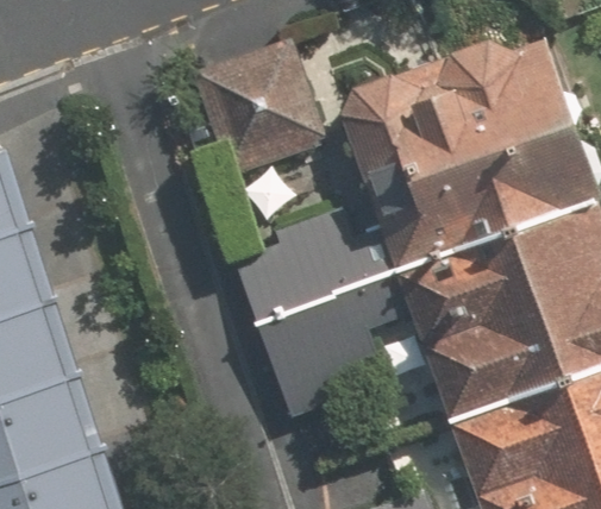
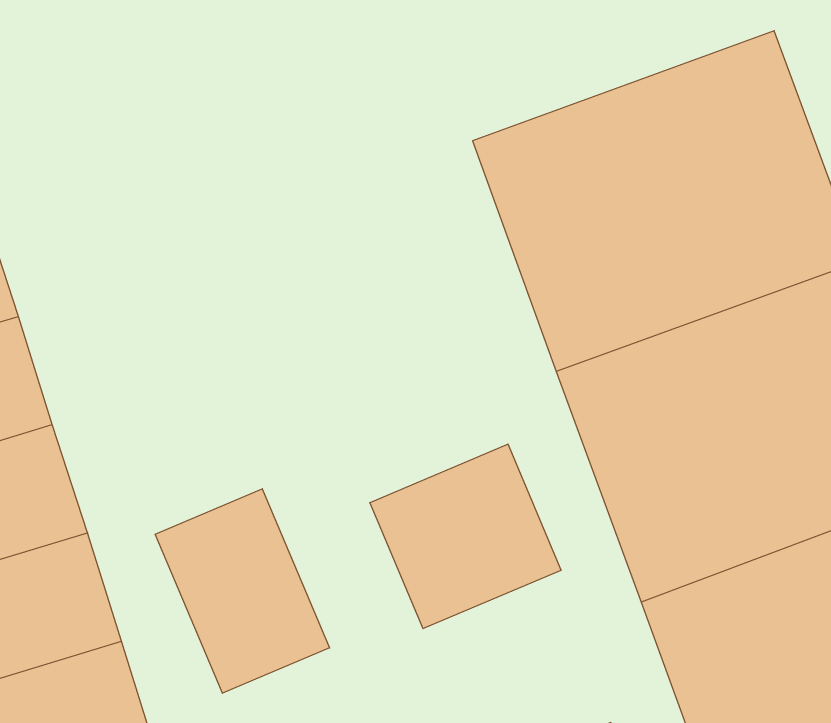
building: [194,48,328,182] -> none
building: [227,216,357,340] -> none
building: none -> [155,489,330,693]

